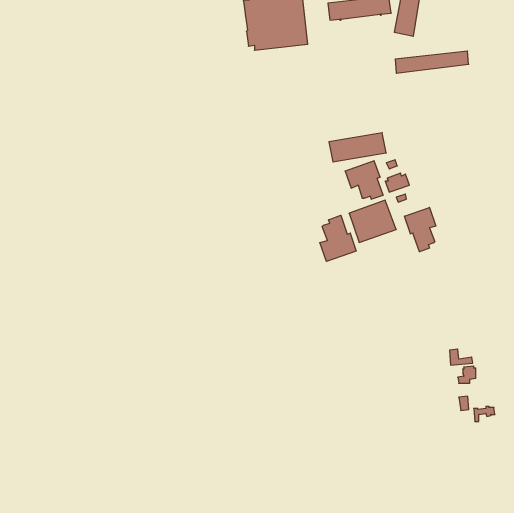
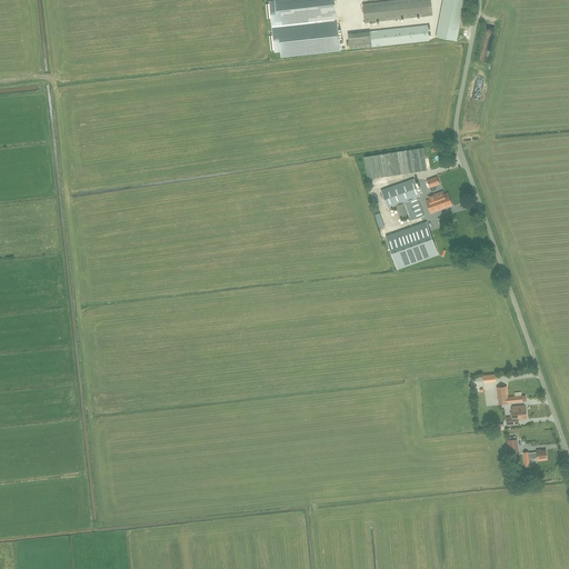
building: [395,51,469,73] -> [348,24,429,49]
building: [405,207,436,252] -> none
building: [320,215,356,261] -> none

